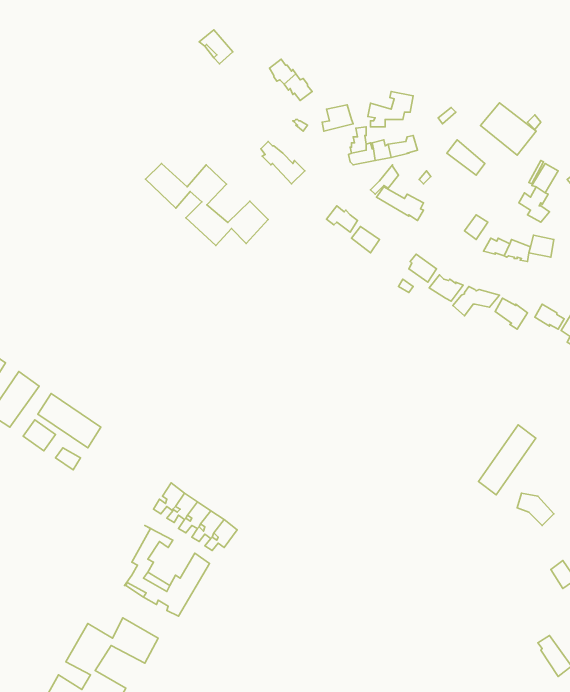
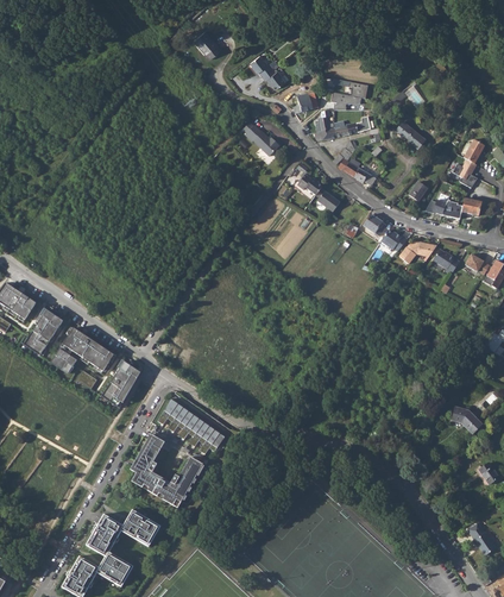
building: [481,103,536,155] -> none
building: [145,163,268,246] -> none
building: [478,425,536,495] -> none
building: none -> [101,360,140,406]

